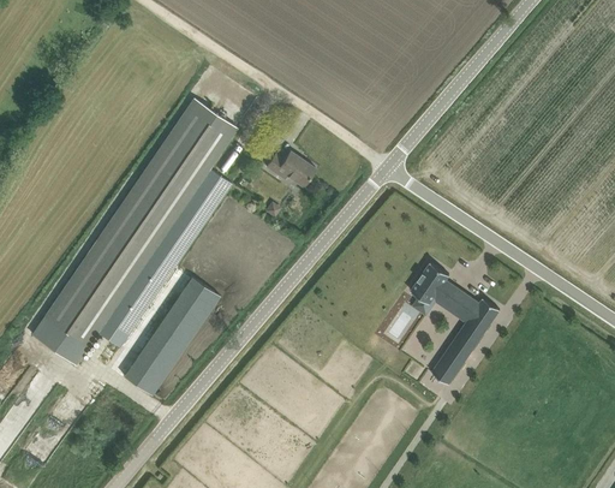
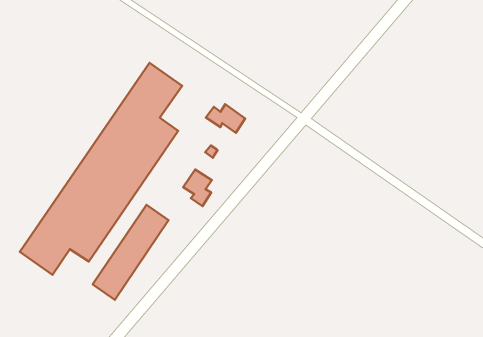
building: none -> [183,170,212,206]
building: [410,262,500,383] -> none

